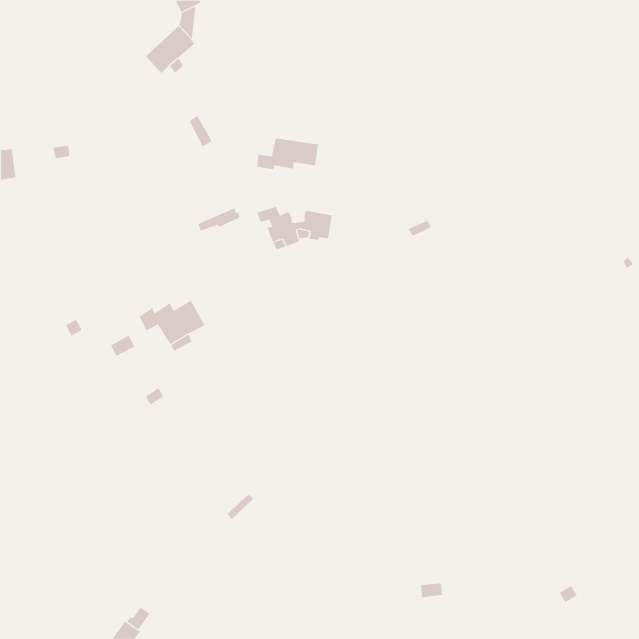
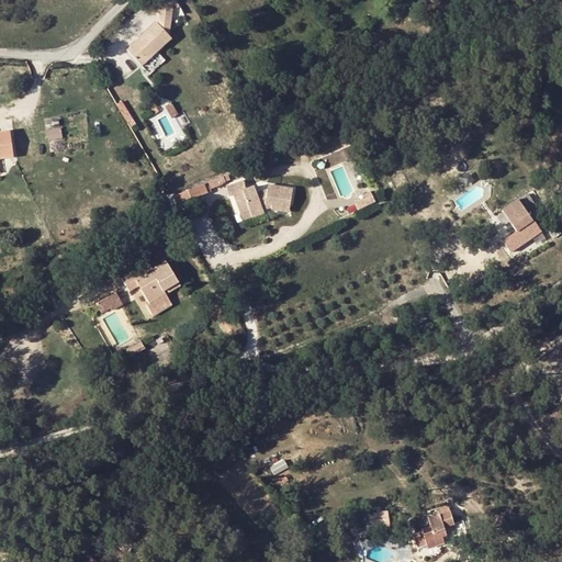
building: [257,138,319,170] -> none
building: none -> [502,200,539,251]
building: none -> [423,505,453,547]

